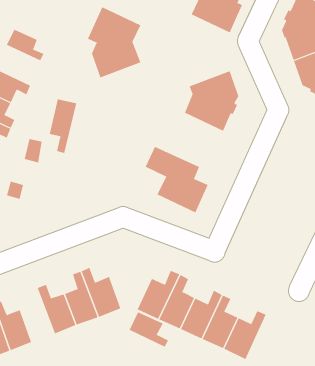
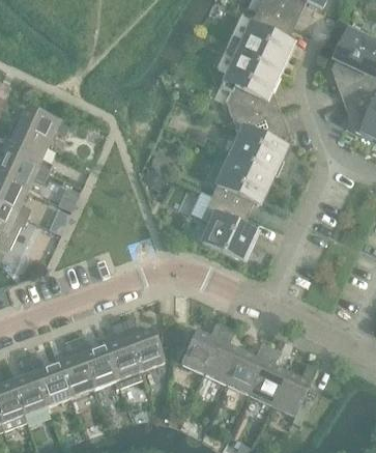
building: [87,6,141,78] -> [221,52,278,128]
building: [6,29,44,61] -> none
building: [49,99,77,154] -> none
building: none -> [209,155,270,213]
building: none -> [56,340,92,397]
building: [129,311,169,347] -> none

